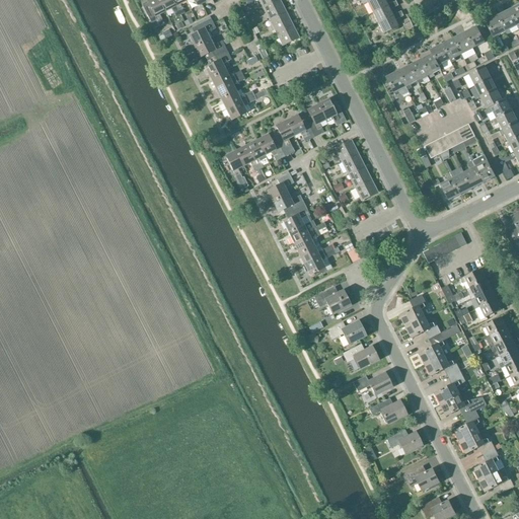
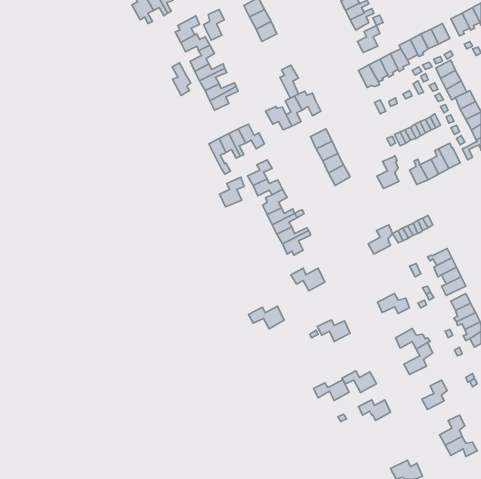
building: none -> [203,10,224,40]
building: none -> [357,25,380,53]
building: none -> [172,63,191,96]
building: [274,120,294,155] -> [280,65,299,98]
building: none -> [377,155,399,188]
building: none -> [220,177,244,207]
building: [400,294,427,325] -> [368,225,393,254]
building: [326,319,365,344] -> [248,306,284,329]
building: [420,331,447,364] -> none
building: [353,372,391,394] -> [314,380,349,401]
building: [441,394,487,416] -> none
building: [460,432,495,453] -> none
building: [405,464,440,490] -> none

